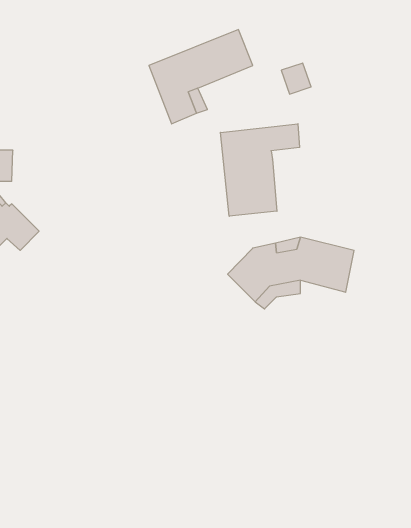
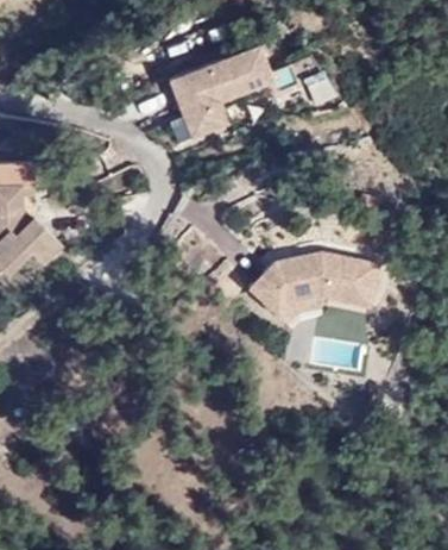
building: [220,124,300,216] -> none

